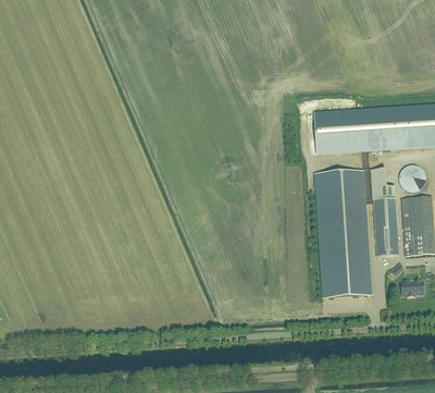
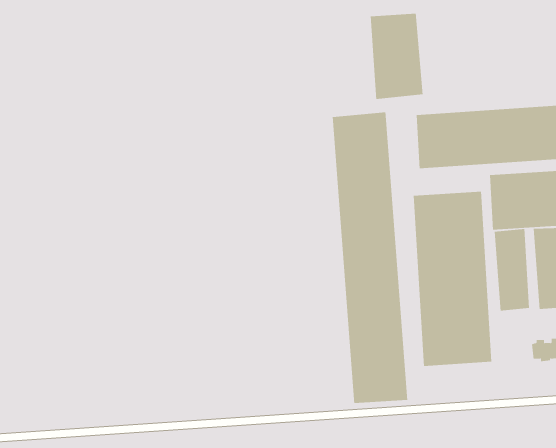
building: none -> [370,13,423,100]
building: none -> [332,112,408,404]

